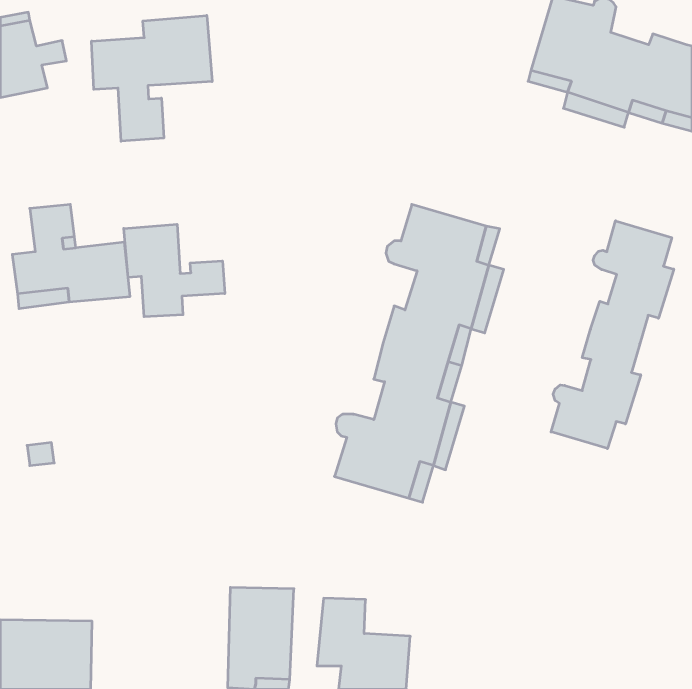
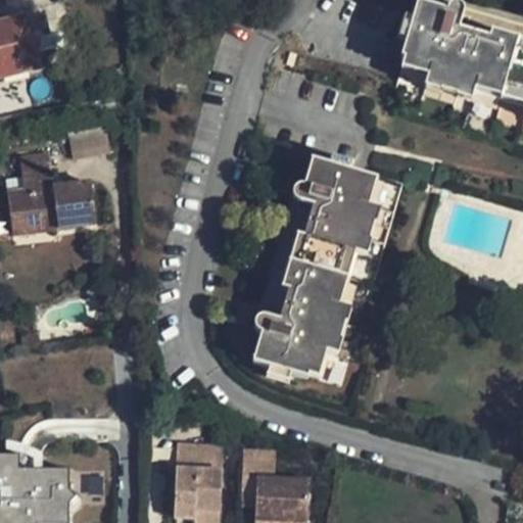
building: [92,15,212,141] -> none
building: none -> [70,129,107,154]
building: [551,221,674,449] -> none
building: [124,224,225,317] -> none

